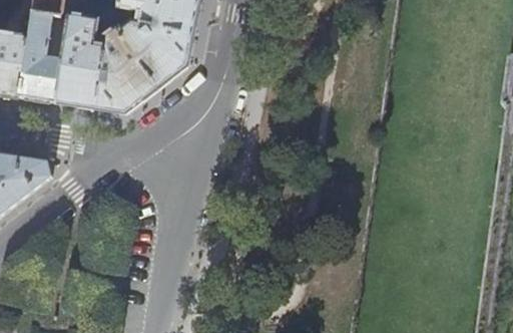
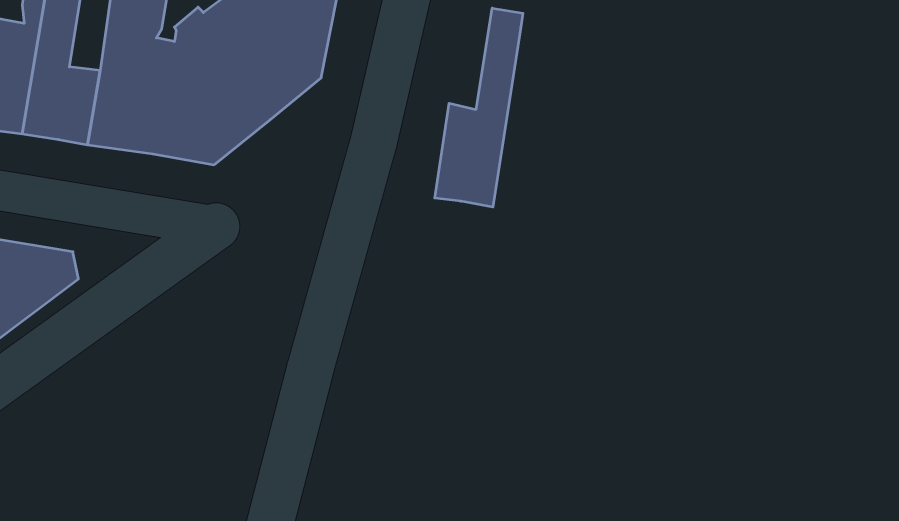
building: none -> [435,8,523,207]

